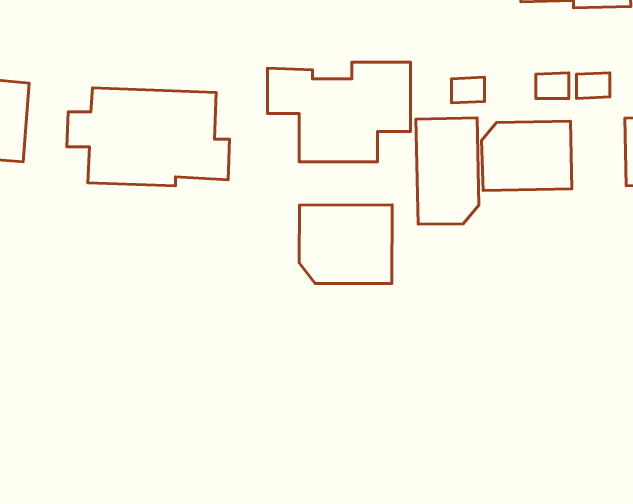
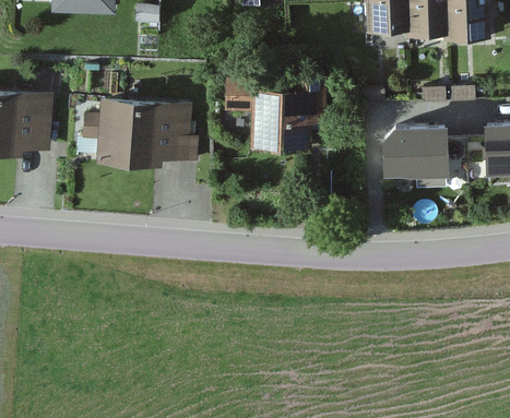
building: [416,118,479,224] -> none
building: [299,205,392,283] -> none

